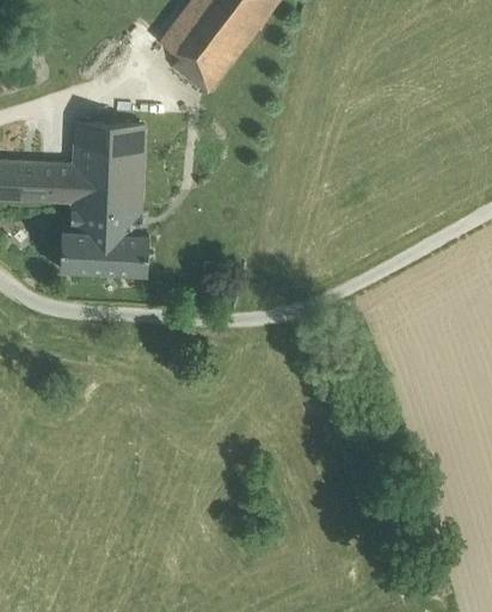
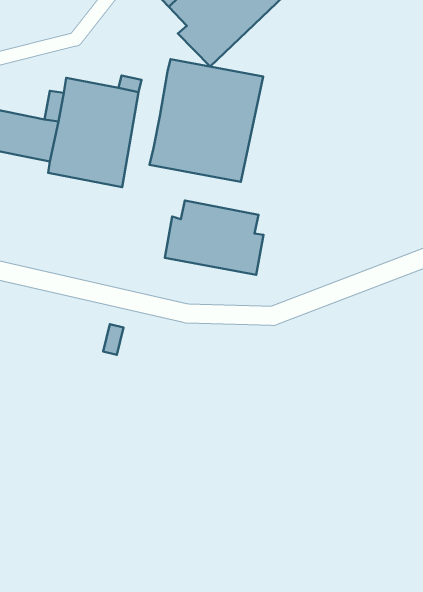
building: none -> [150,59,263,182]
building: [61,214,149,274] -> [165,200,263,275]

